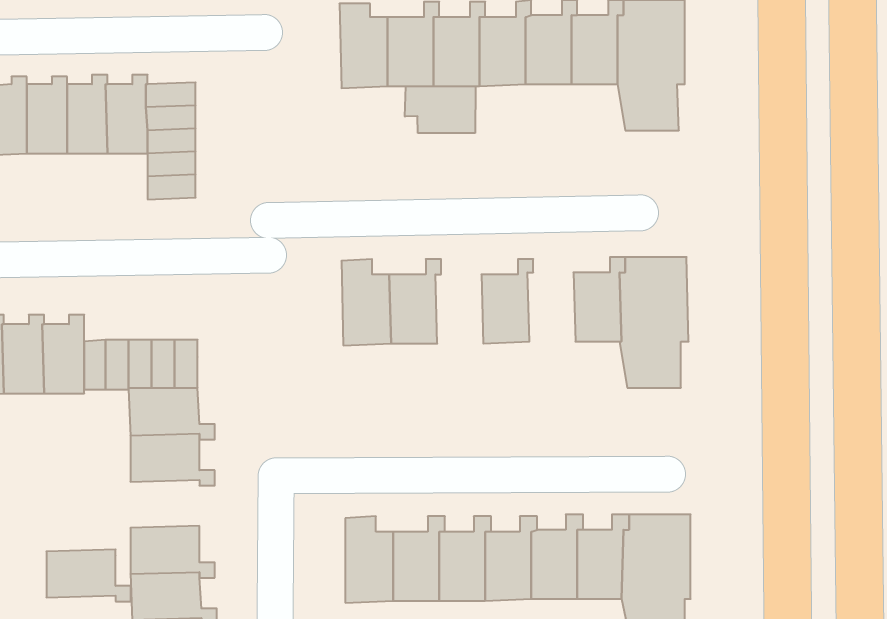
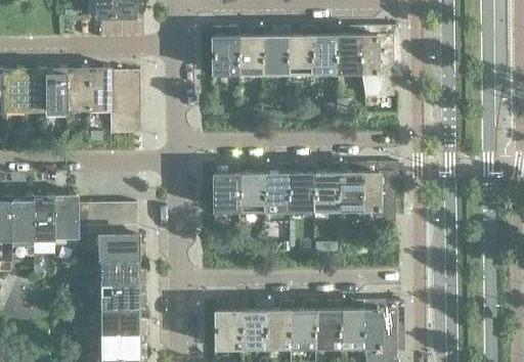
building: [405,86,476,133] -> none
building: none -> [311,168,339,213]
building: none -> [262,169,290,214]
building: [46,549,131,601] -> [99,286,144,314]

